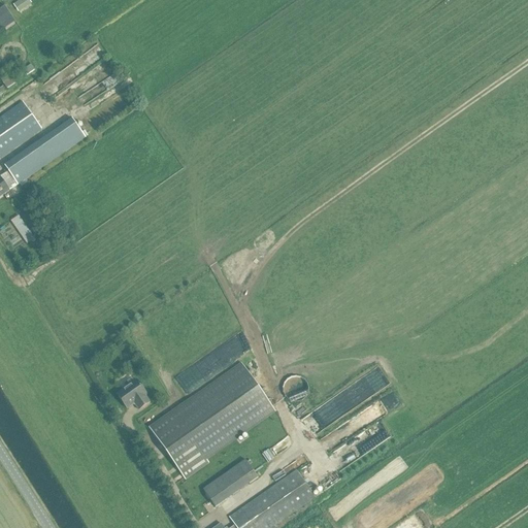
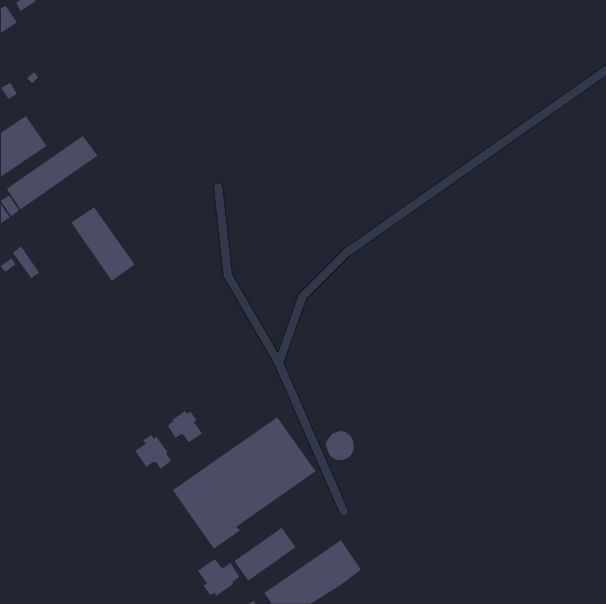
building: none -> [70,206,135,282]
building: none -> [167,410,203,443]
building: none -> [197,558,240,597]

